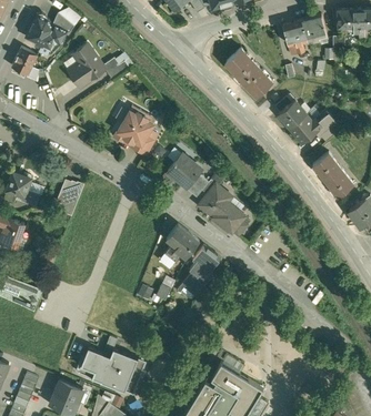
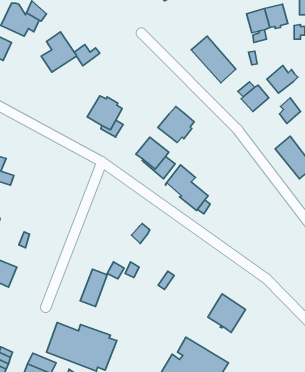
building: [289,113,321,142] -> [267,65,298,93]
building: none -> [158,106,194,143]
building: [56,181,83,215] -> none
building: [167,225,198,255] -> none
building: [182,245,220,292] -> none
building: none -> [80,269,107,306]
building: none -> [208,294,246,333]

